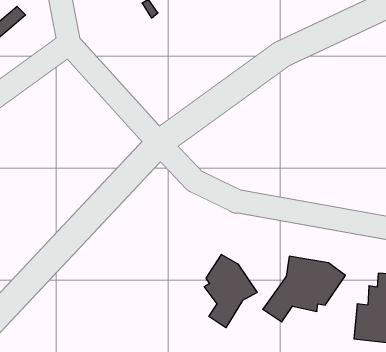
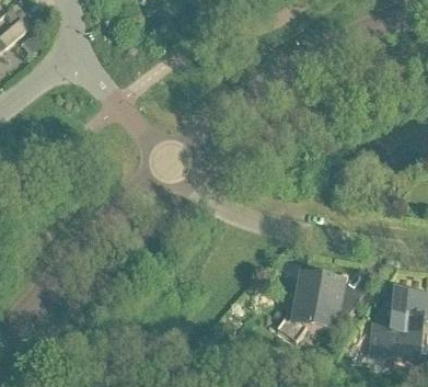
building: [204,254,257,328] -> none

